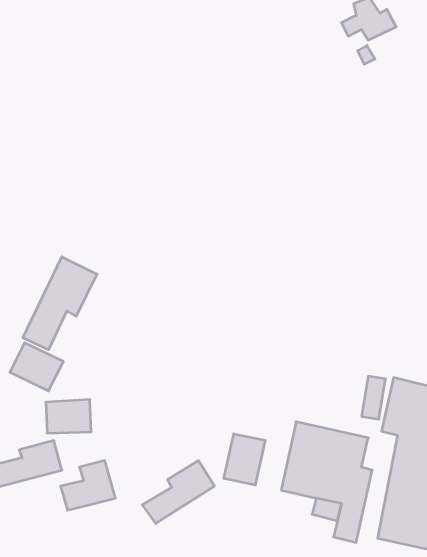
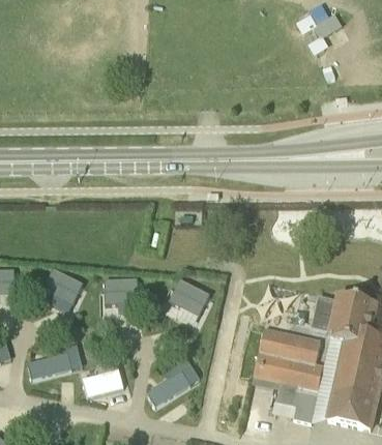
building: [23,257,97,350] -> none
building: none -> [169,280,211,318]
building: [46,400,91,433] -> [104,279,139,305]
building: [224,434,265,485] -> none

